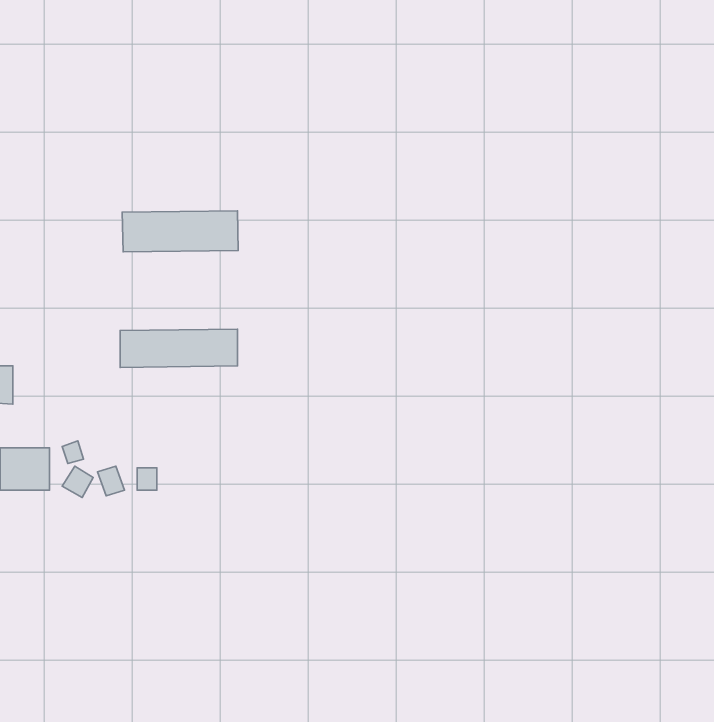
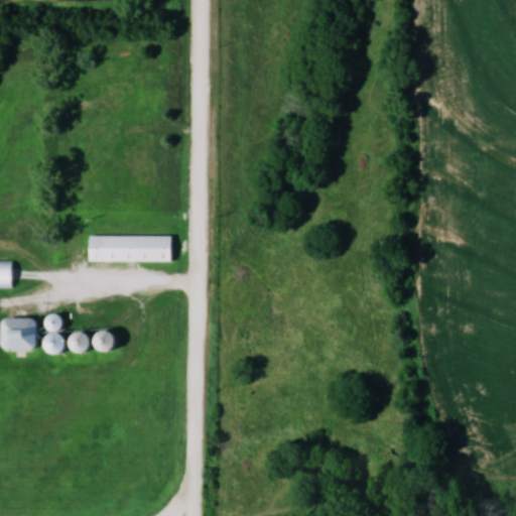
building: [122,211,238,252] -> none

